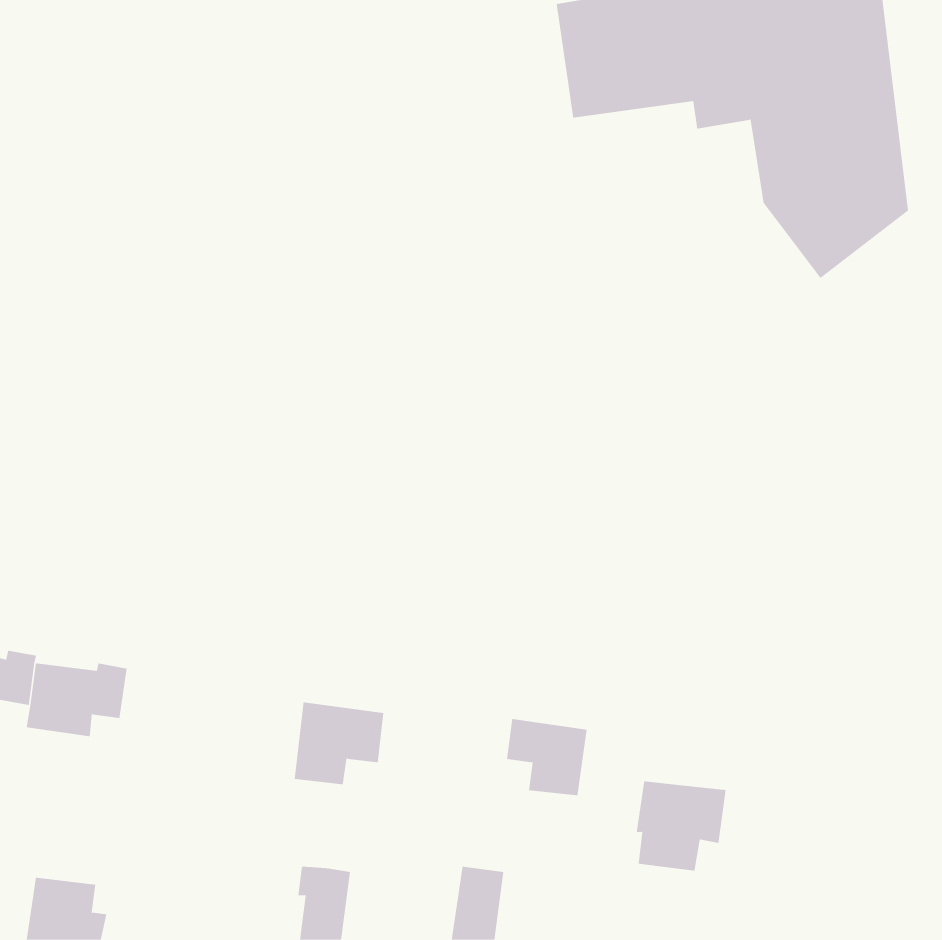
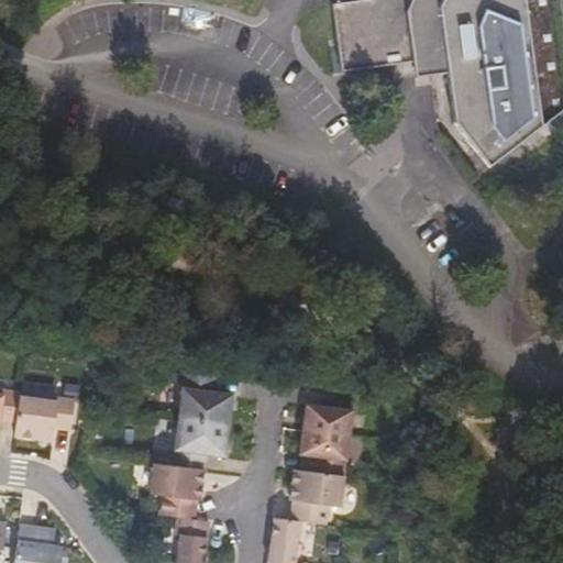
building: none -> [180,375,233,424]
building: none -> [305,404,353,434]
building: none -> [151,461,205,517]
building: [636,781,726,871] -> [290,468,344,522]

